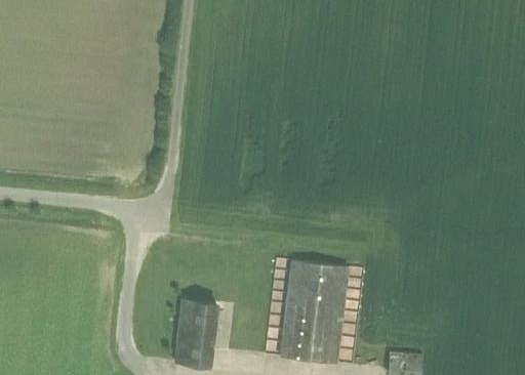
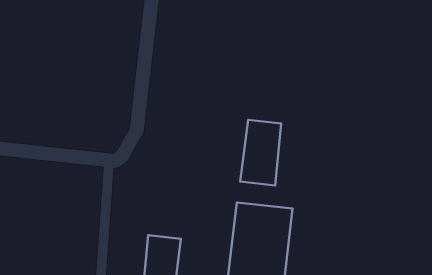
building: none -> [240,120,281,186]

